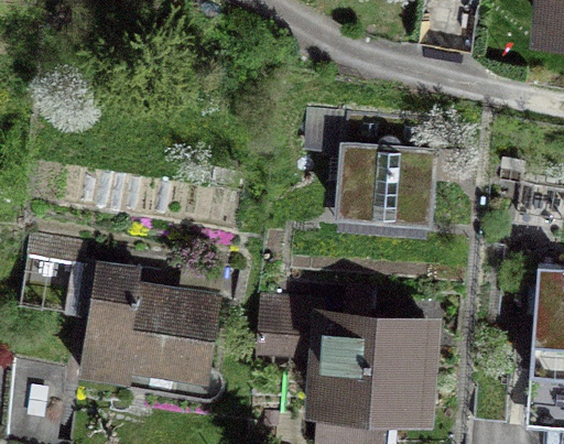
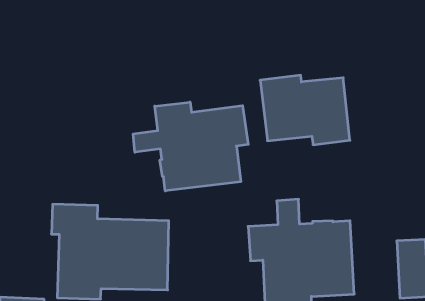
building: none -> [133,102,248,191]

